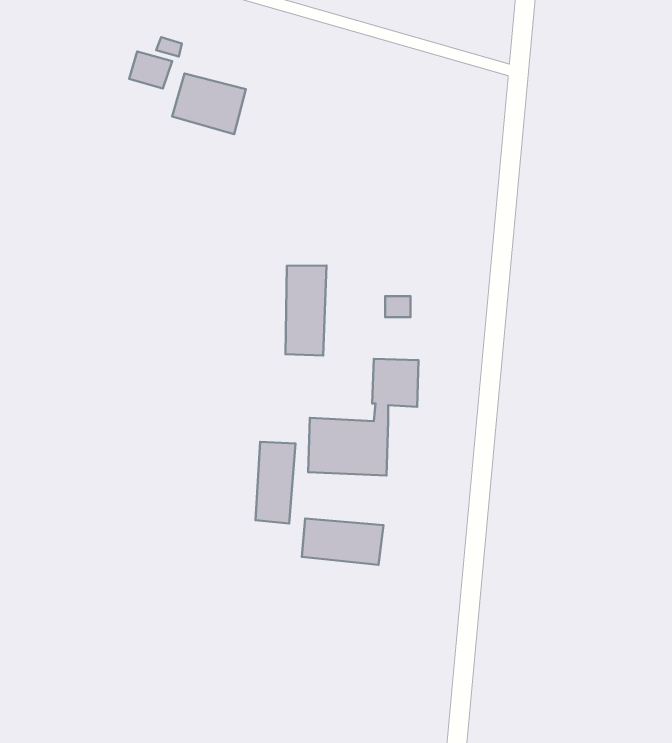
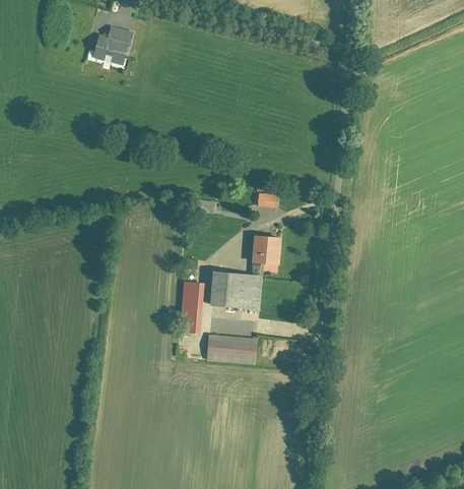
building: [172,73,246,134] -> none
building: [285,266,327,355] -> none

